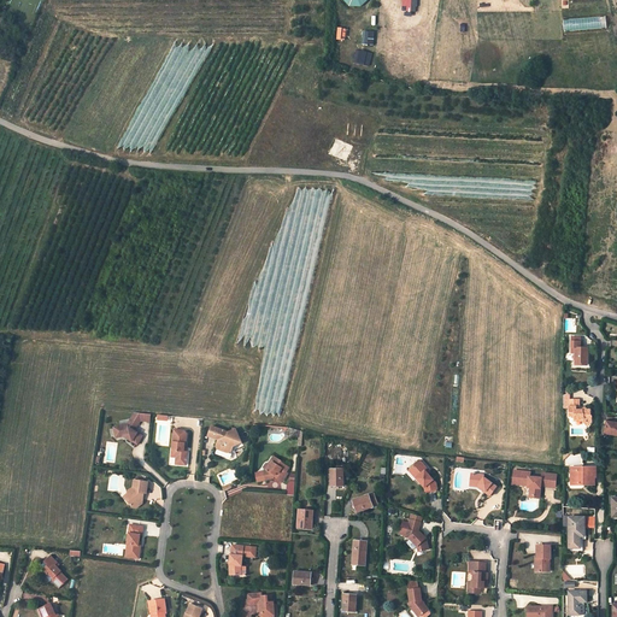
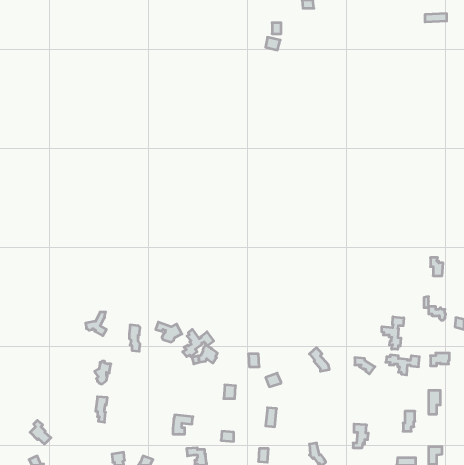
building: none -> [382,317,404,349]
building: none -> [183,329,214,357]
building: [400,513,429,552] -> none

